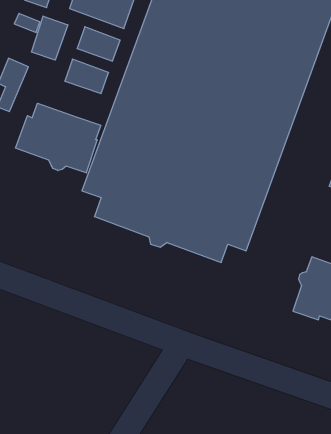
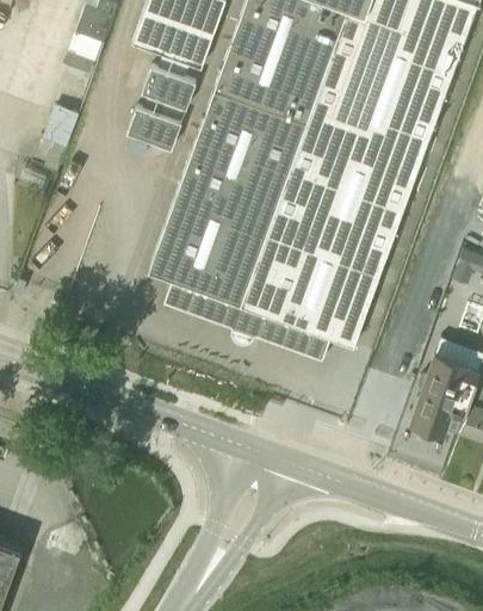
building: [32,16,68,60] -> none
building: [16,103,101,173] -> none

